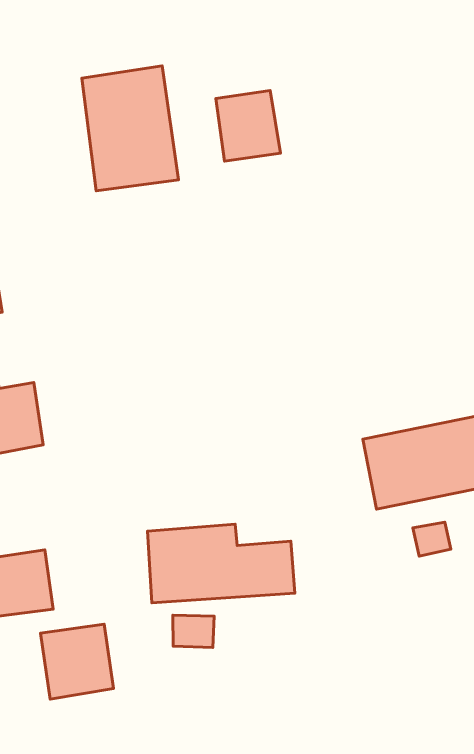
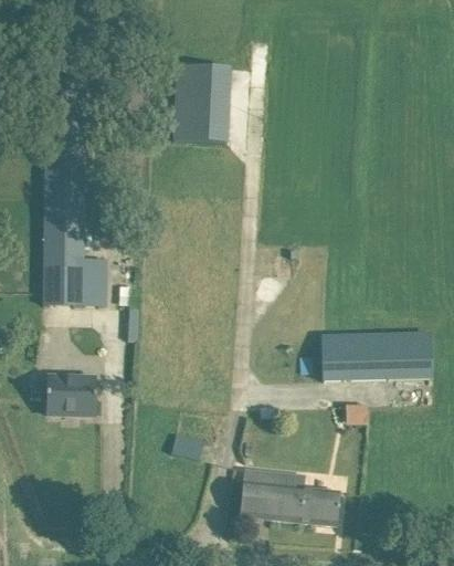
building: [216,91,280,161] -> none
building: [148,524,295,603] -> [240,468,340,526]
building: [41,624,114,699] -> none

